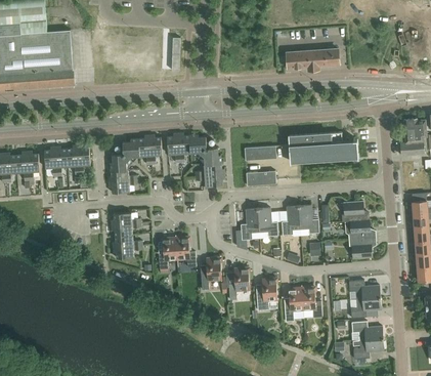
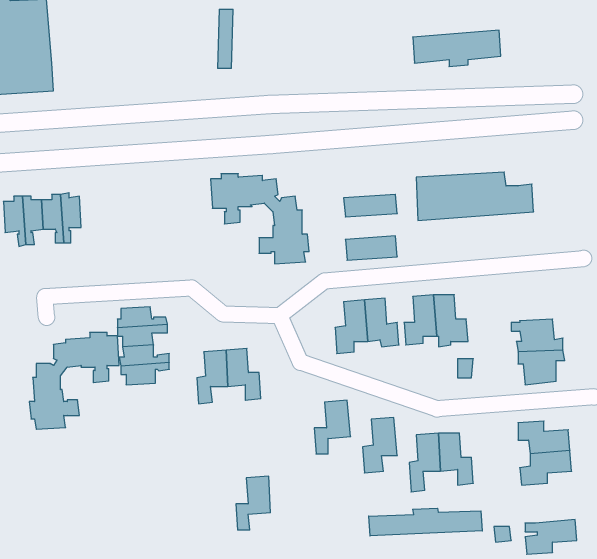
building: [107,135,161,193] -> [29,332,119,429]
building: [341,201,369,221] -> none
building: [200,257,220,289] -> [236,476,270,530]
building: [350,321,382,340] -> none
building: none -> [369,508,482,536]

